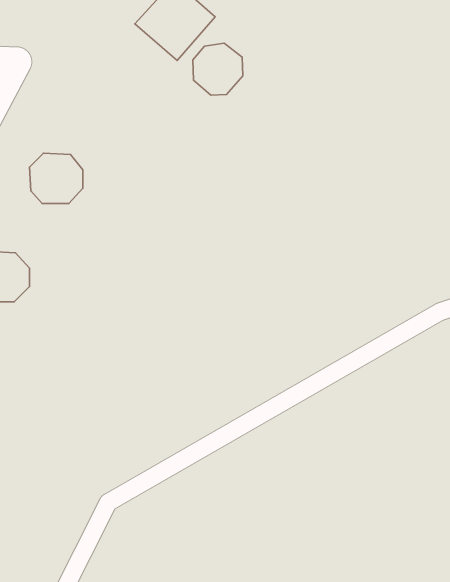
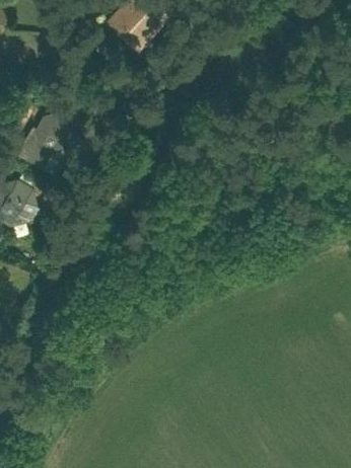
building: [193,43,243,95] -> none

